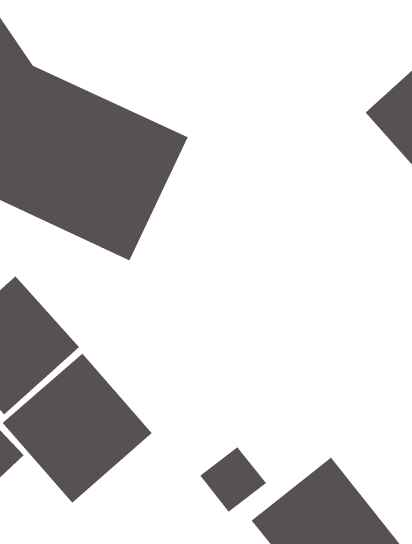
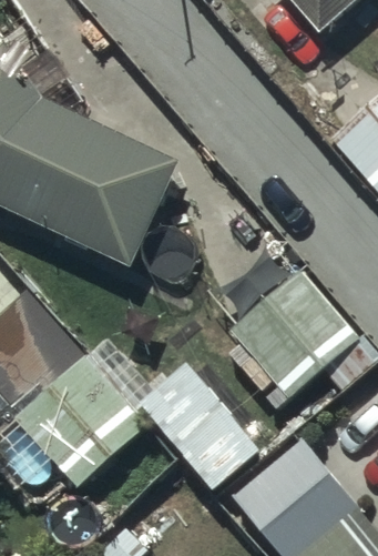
building: none -> [228,270,362,403]

